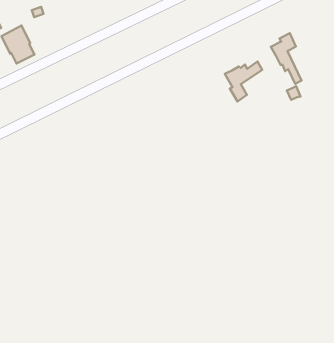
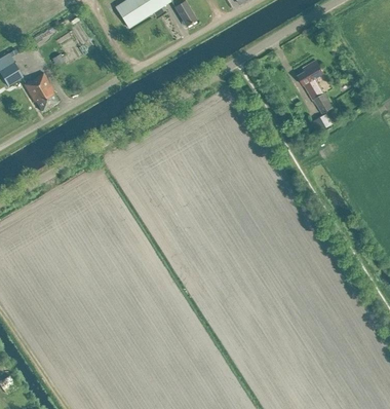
building: [225,62,262,102] -> none

